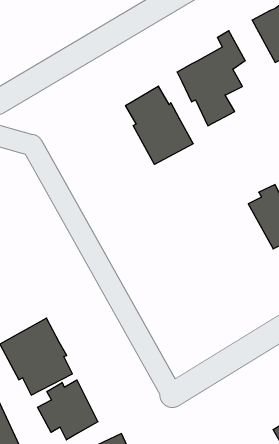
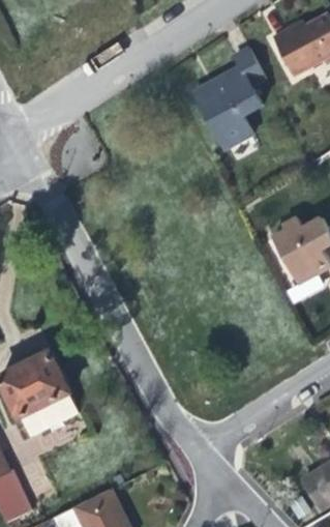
building: [126,86,193,164] -> none
building: [38,380,98,440] -> none

